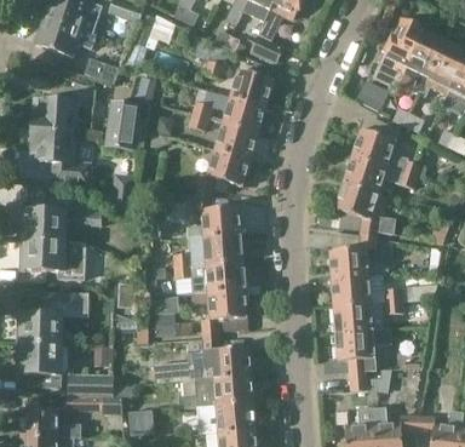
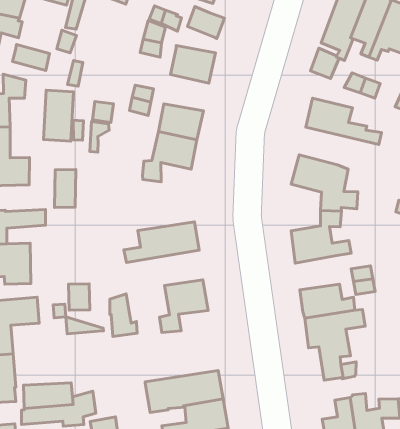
building: [222,94,265,131] -> none
building: [344,154,419,191] -> none
building: [193,190,241,236] -> none
building: [174,260,245,292] -> none
building: [332,275,386,305] -> none
building: [153,334,252,383] -> none

